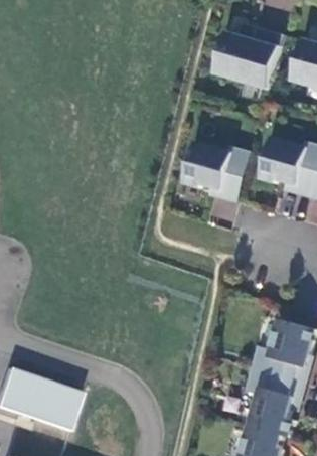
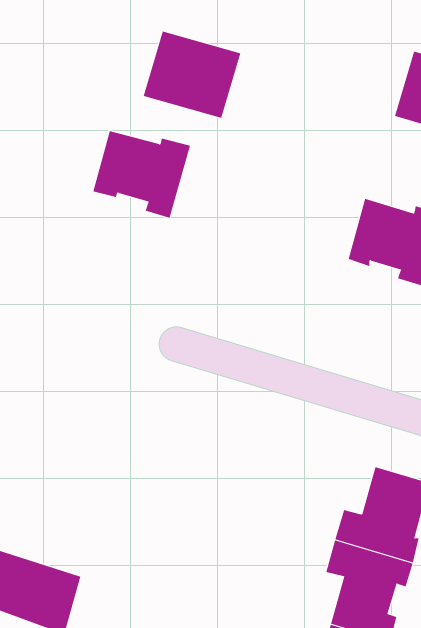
building: [213,30,280,90] -> [143,31,241,119]
building: [183,142,250,201] -> [93,130,191,218]

